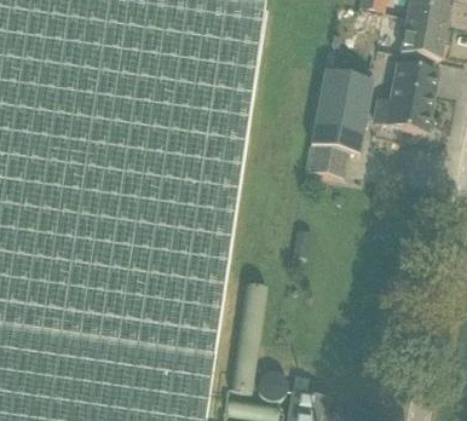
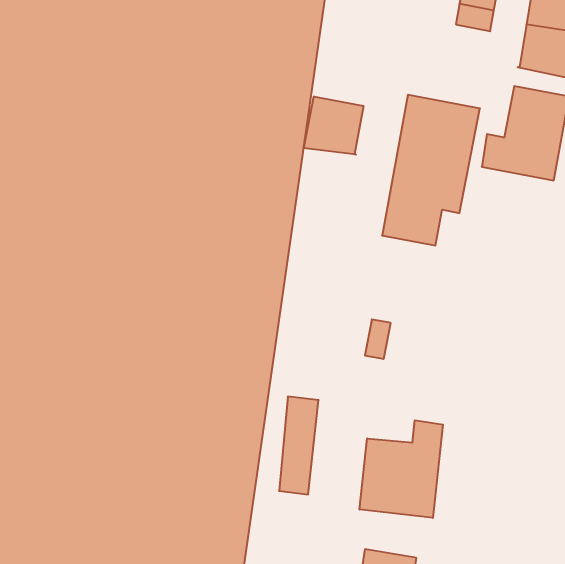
building: none -> [304,96,364,155]
building: none -> [360,420,443,518]

